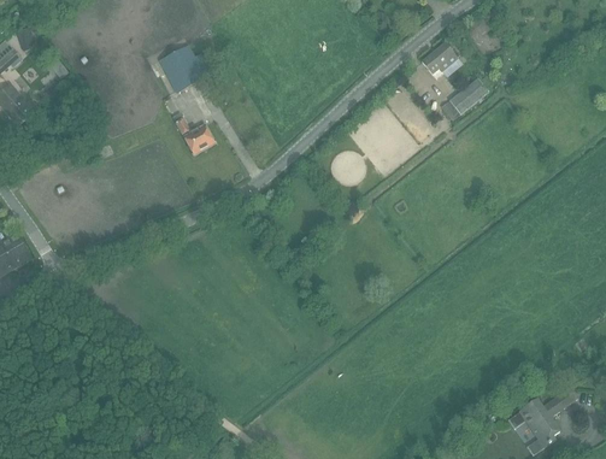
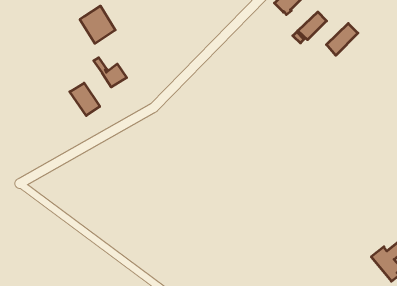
building: none -> [326,23,358,55]
building: none -> [70,83,100,116]

